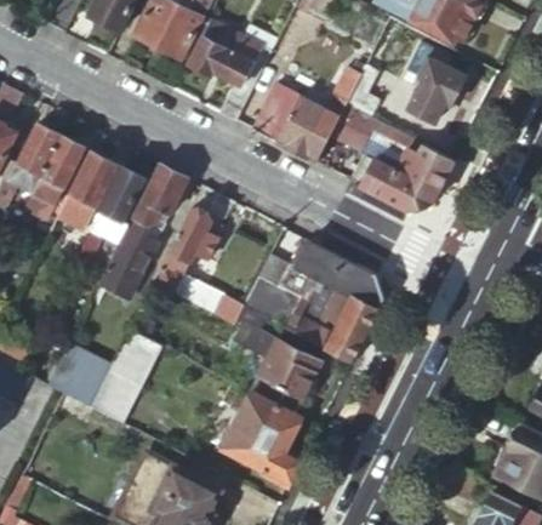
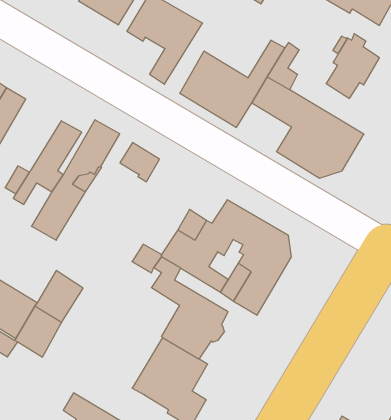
building: [68,150,118,206] -> none
building: [160,210,223,280] -> none

